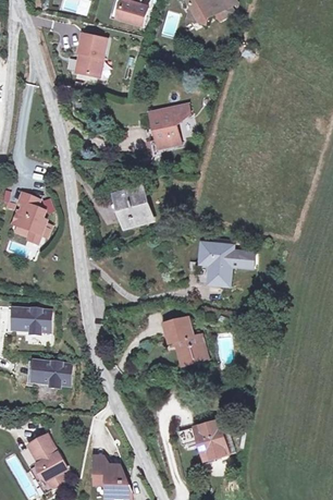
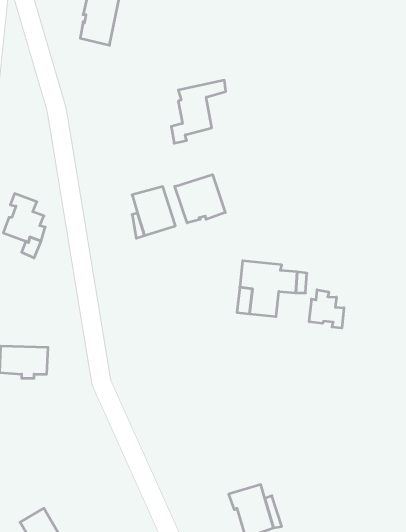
building: none -> [175,175,225,223]
building: none -> [309,290,344,328]
building: [165,313,207,358] -> none
building: [30,361,70,387] -> none

